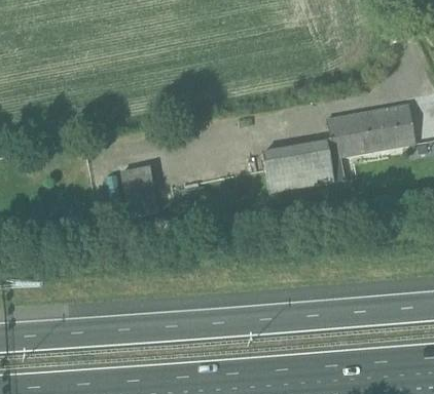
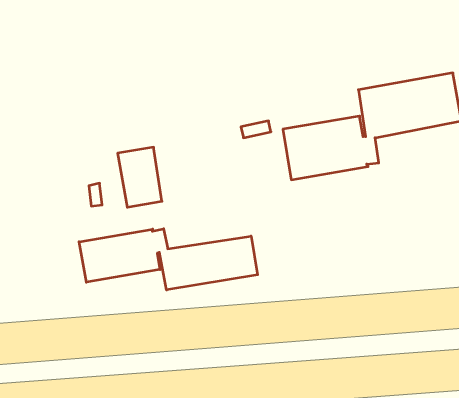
building: none -> [79,229,258,290]

